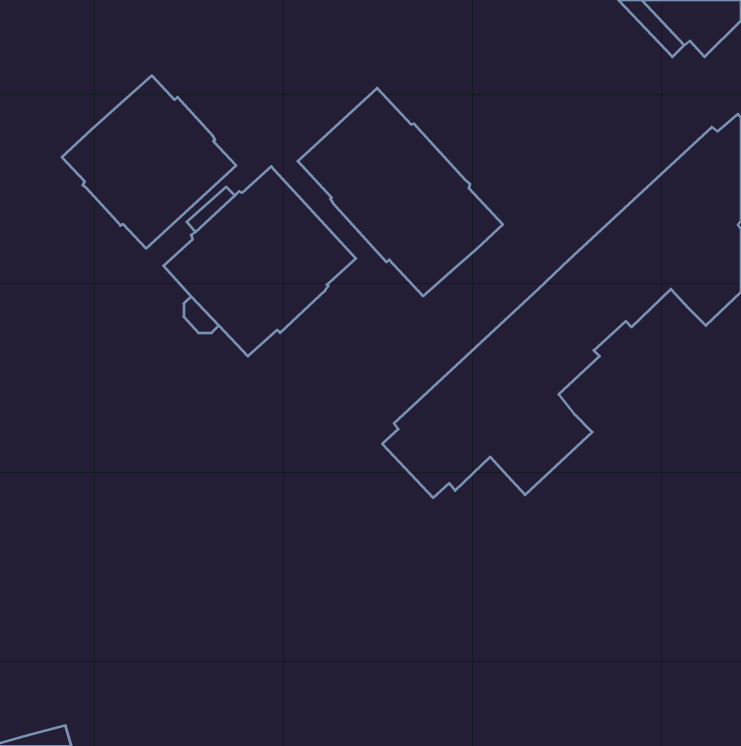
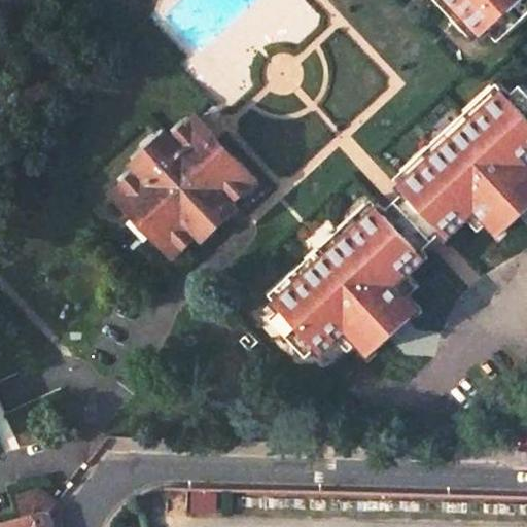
building: [62,76,236,248] -> none
building: [298,88,503,296] -> none

